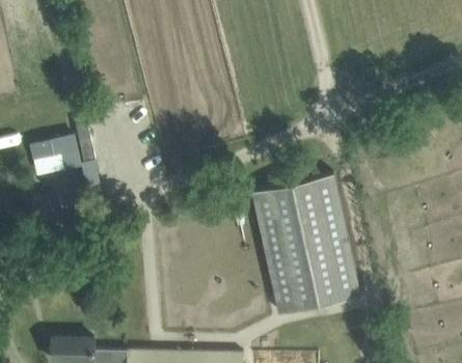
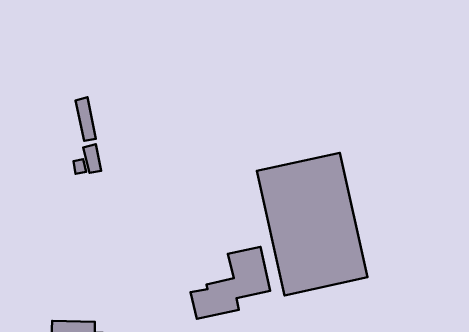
building: [31,135,79,168] -> none
building: none -> [191,247,270,319]

